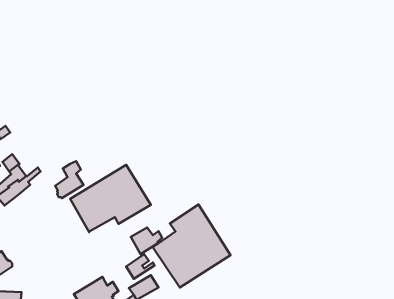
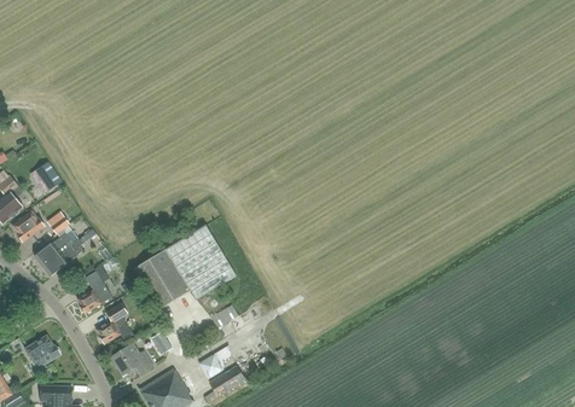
building: [55,161,84,198] -> [76,267,112,314]
building: [153,204,230,287] -> none
building: none -> [94,303,133,344]
building: none -> [111,343,153,374]

